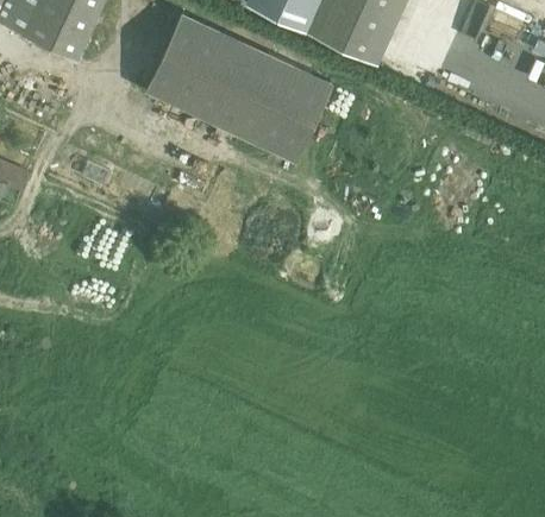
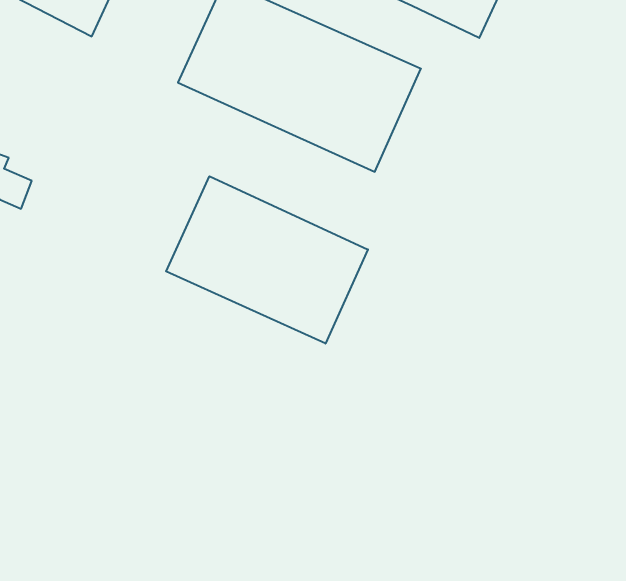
building: none -> [166,176,368,344]

